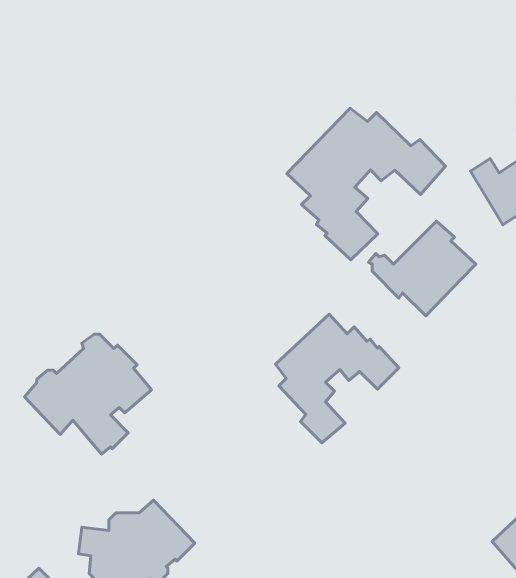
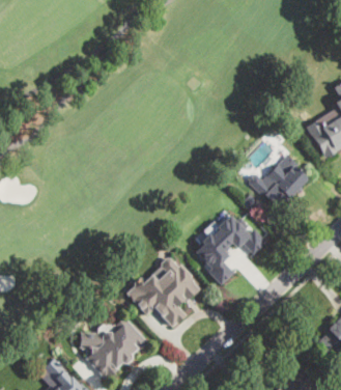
building: [287,108,446,260] -> none
building: [24,334,152,454] -> [126,257,200,327]

